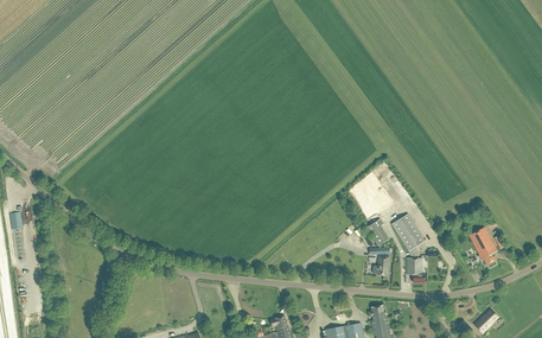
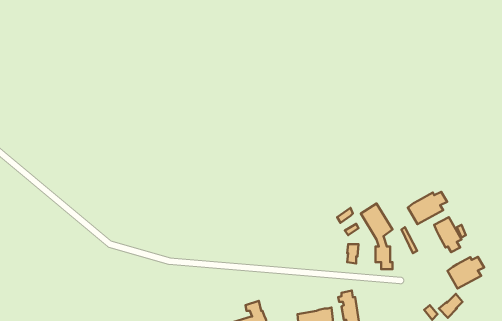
building: none -> [408,192,447,224]
building: none -> [448,257,484,288]

